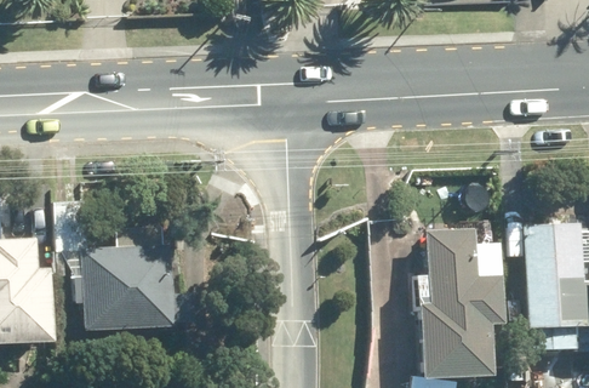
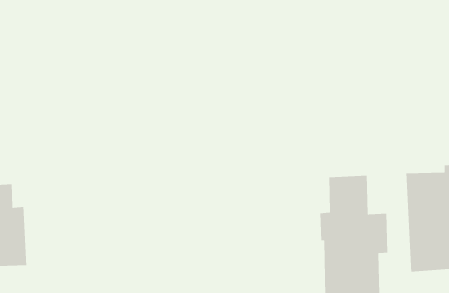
building: [55,202,194,330] -> none

